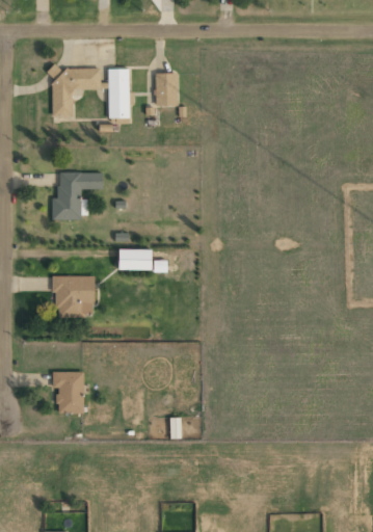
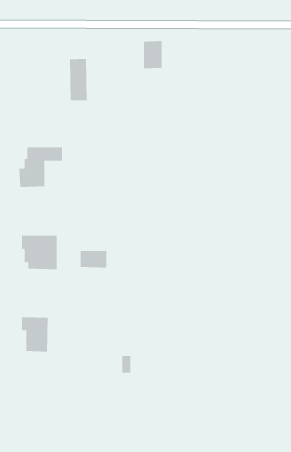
building: [51,68,107,116] -> none
building: [155,73,178,106] -> [143,41,163,69]
building: [119,249,152,270] -> [80,250,107,268]

